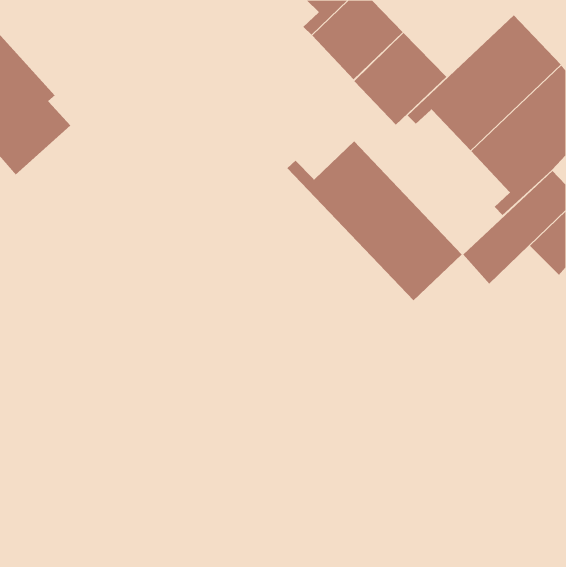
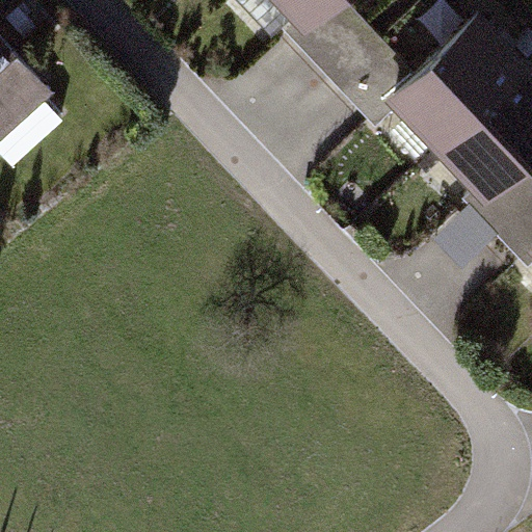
building: [286,141,463,301] -> none

